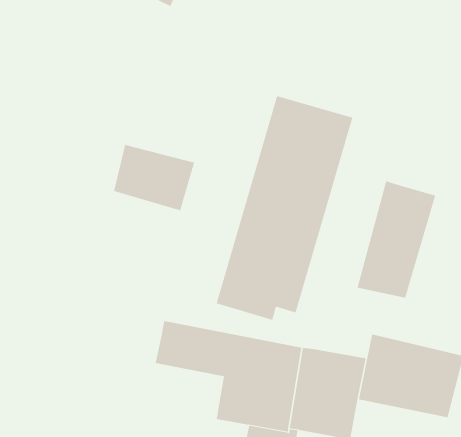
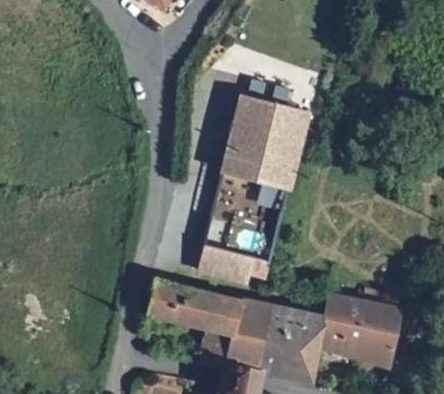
building: [114,144,195,211] -> none
building: [357,181,436,298] -> none

